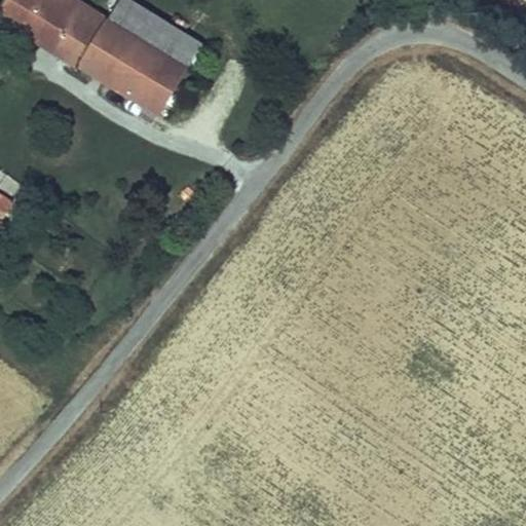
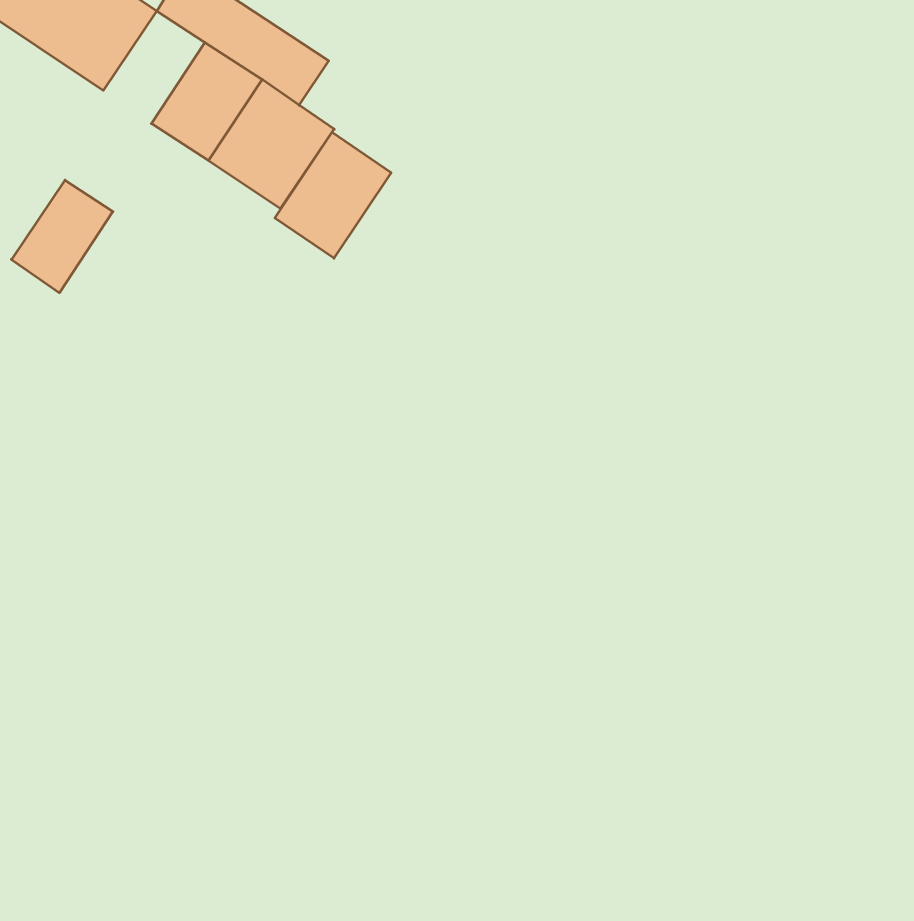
building: [58,6,114,69] -> [11,180,113,293]
building: none -> [275,132,391,258]

